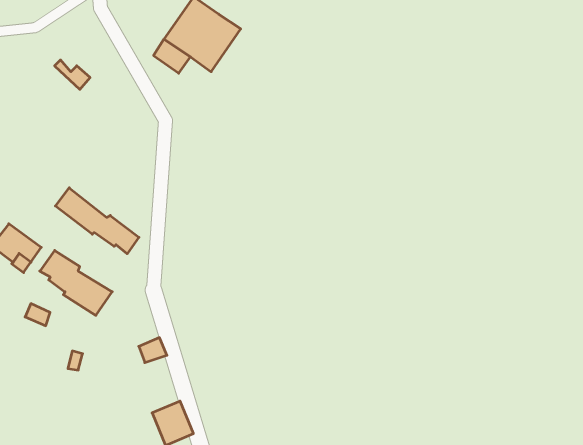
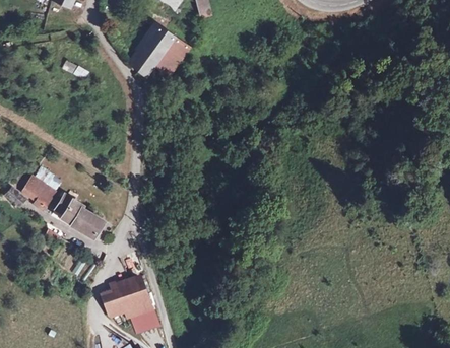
building: [55,188,139,254] -> none
building: none -> [111,277,150,311]

